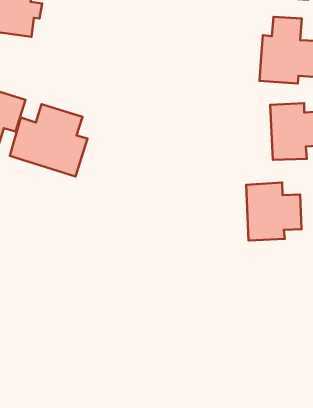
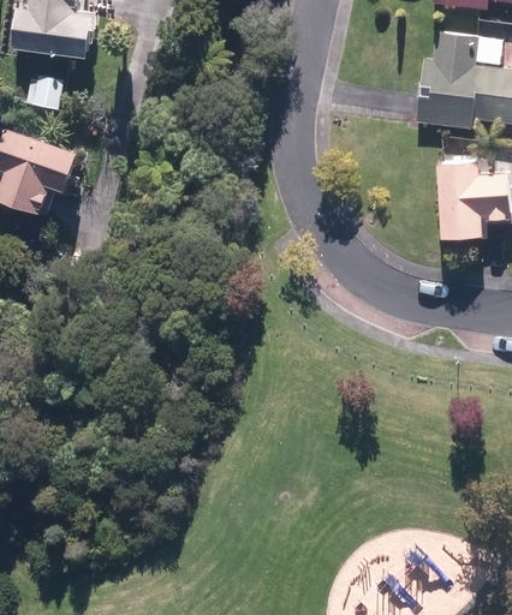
building: [10,104,88,176] -> none
building: [246,183,301,241] -> none

